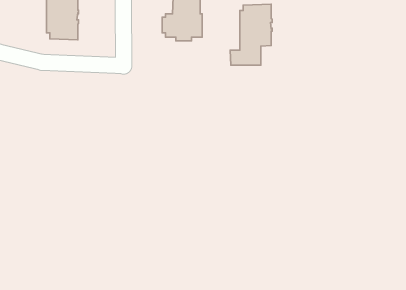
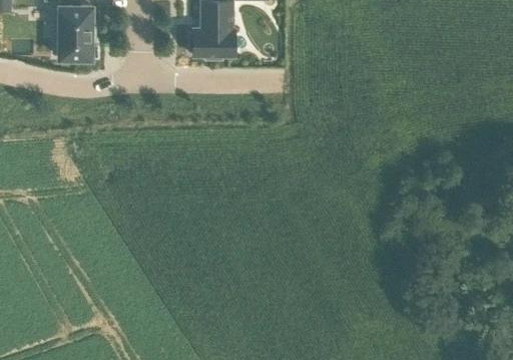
building: [230,4,272,65] -> none

